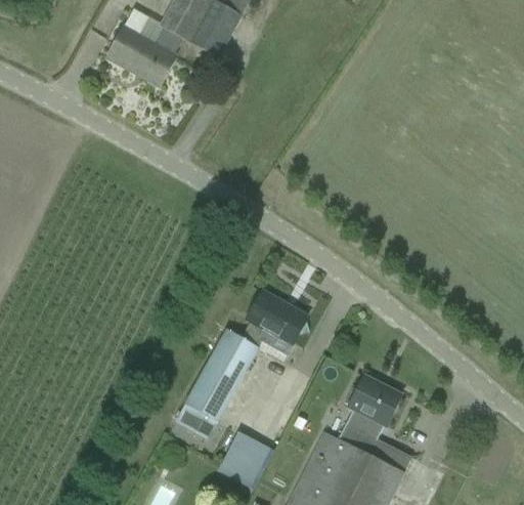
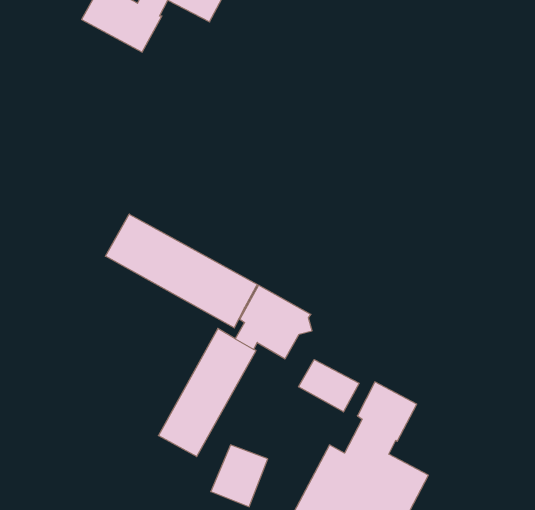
building: none -> [105,214,257,328]
building: none -> [299,360,359,412]

